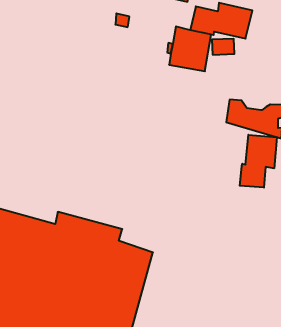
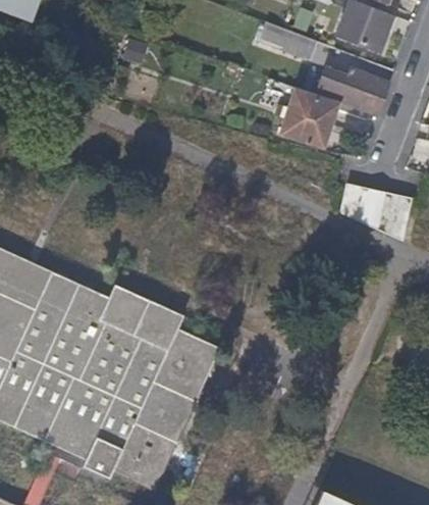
building: [240,135,277,188] -> none

